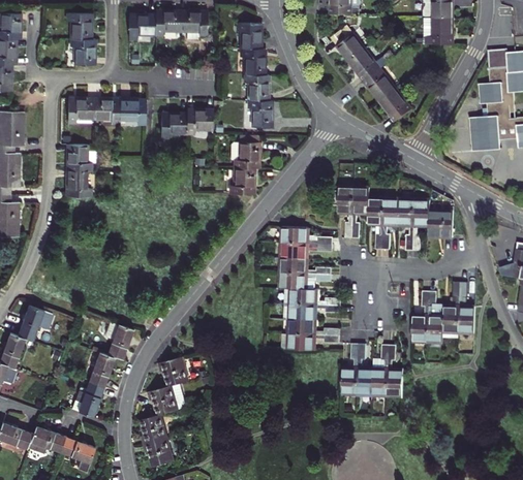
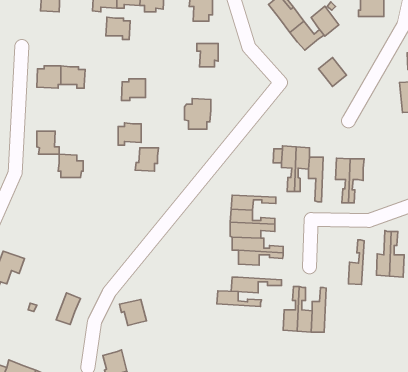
building: [70,38,95,66] -> none
building: [240,50,265,74] -> none
building: [364,69,395,102] -> [311,6,339,36]
building: [119,100,146,125] -> [106,17,130,39]
building: [247,100,271,128] -> none
building: [187,109,213,134] -> [118,123,141,145]
building: [66,146,94,171] -> [58,154,83,178]
building: [229,169,255,195] -> [135,148,158,171]
building: [382,200,399,250] -> none
building: [428,212,453,238] -> none
building: [283,228,333,245] -> none
building: [427,293,444,343] -> none
building: [289,319,339,337] -> [217,291,262,307]
building: [106,321,133,360] -> none
building: [386,346,402,395] -> none
building: [71,381,103,416] -> none
building: [148,384,185,416] -> none

